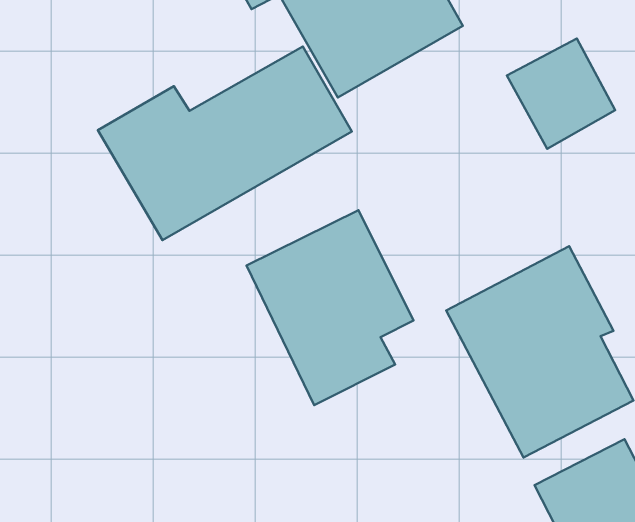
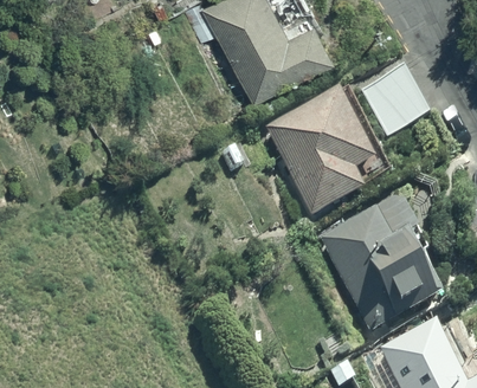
building: [98,47,352,240] -> none
building: [246,210,414,405] -> [269,91,376,216]

